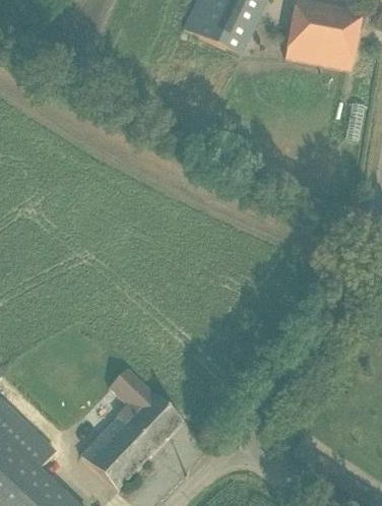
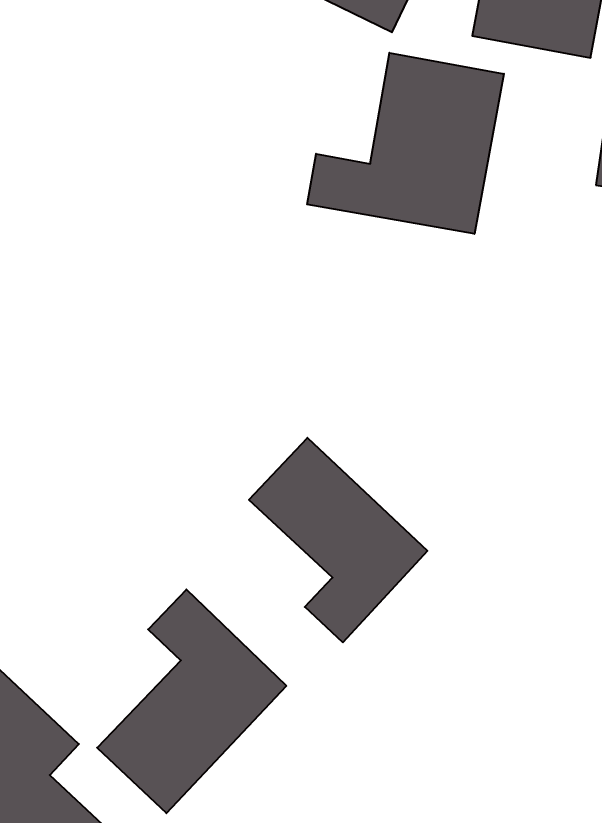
building: none -> [307,53,504,234]
building: none -> [249,438,427,642]

